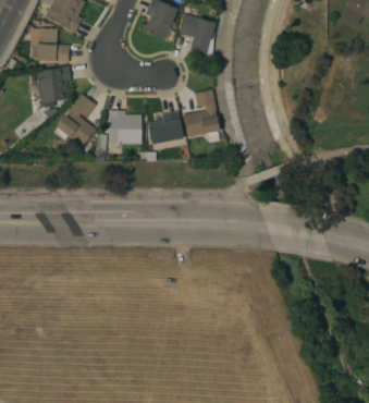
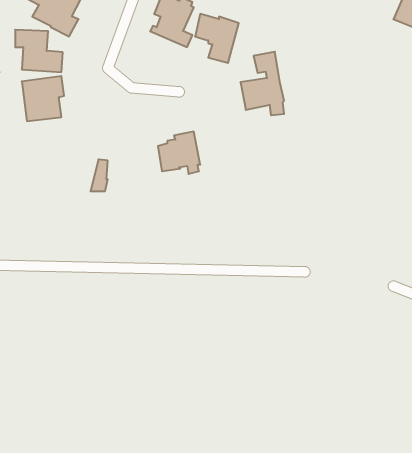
building: [183,89,219,142] -> [240,52,284,115]
building: [53,94,96,147] -> none
building: [108,110,142,144] -> none

